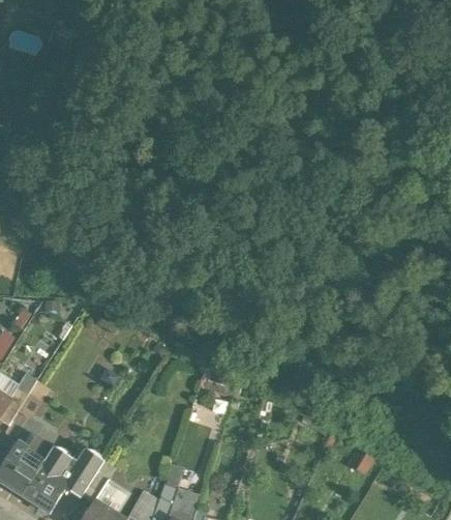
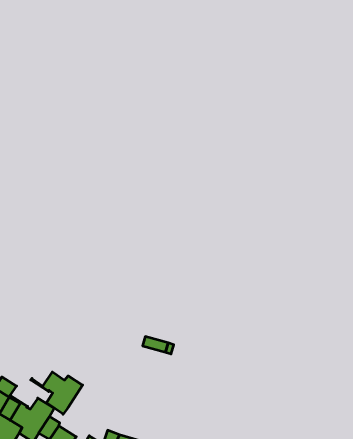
building: none -> [31,372,83,414]

